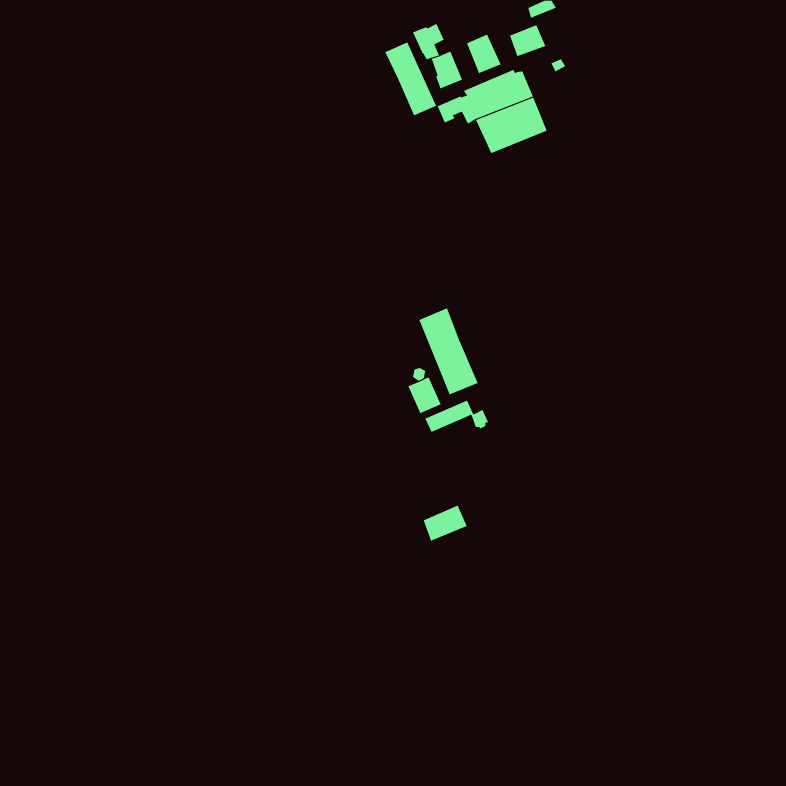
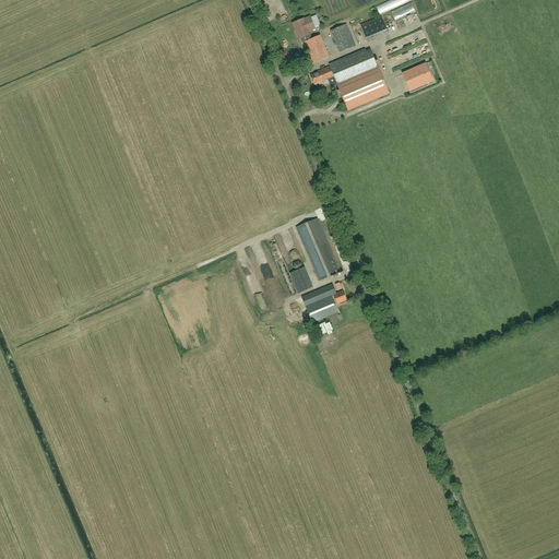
building: [384,42,437,116] -> none
building: none -> [403,63,433,91]
building: [423,505,468,542] -> [307,296,338,322]

